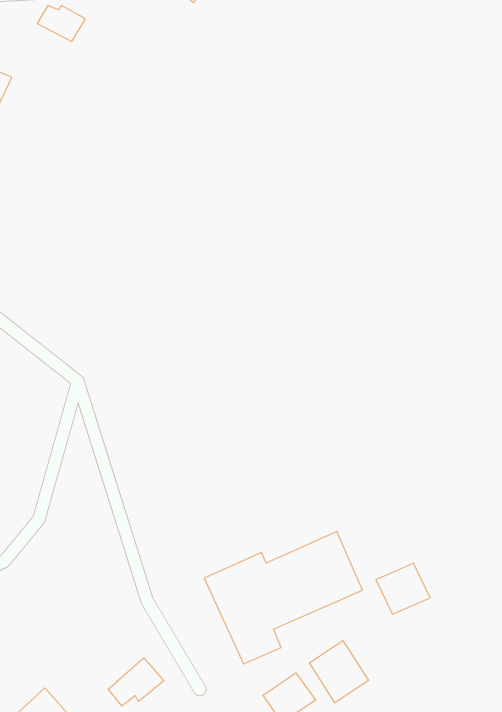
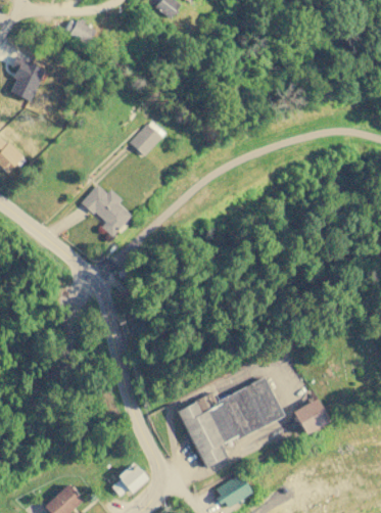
building: none -> [130,124,161,156]
building: none -> [82,184,133,237]
building: [309,640,368,703] -> none

